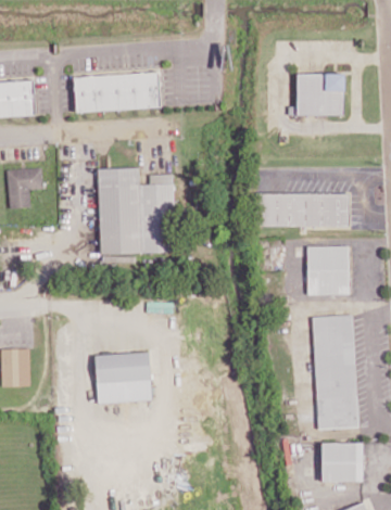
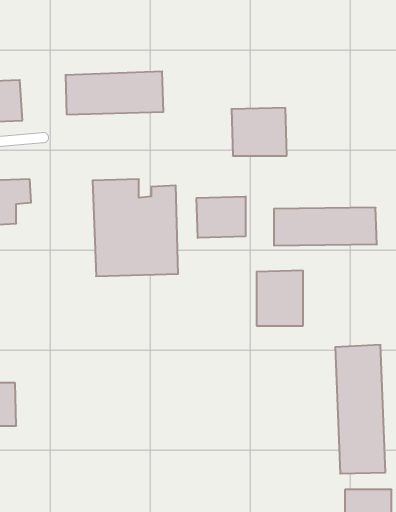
building: [297,73,345,115] -> [231,108,287,156]
building: none -> [197,196,246,238]
building: [307,245,349,294] -> [257,271,303,326]
building: [96,353,152,403] -> none

